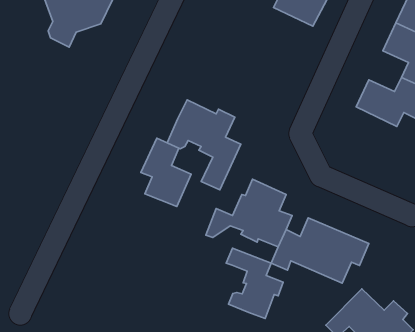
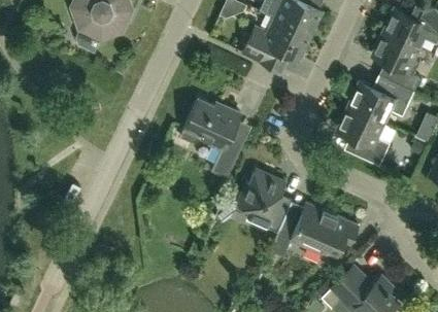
building: none -> [243,18,310,71]
building: none -> [337,105,391,166]
building: [141,138,191,206] -> none
building: [226,248,283,318] -> none

